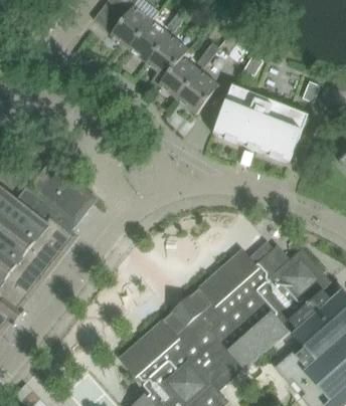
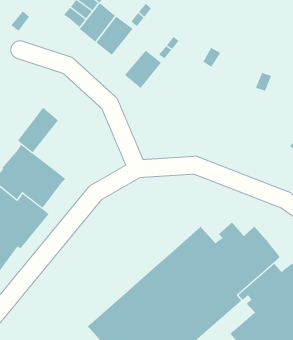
building: [146,34,188,84] -> none
building: [177,71,218,115] -> none
building: [212,85,308,164] -> none
building: none -> [17,107,59,153]

